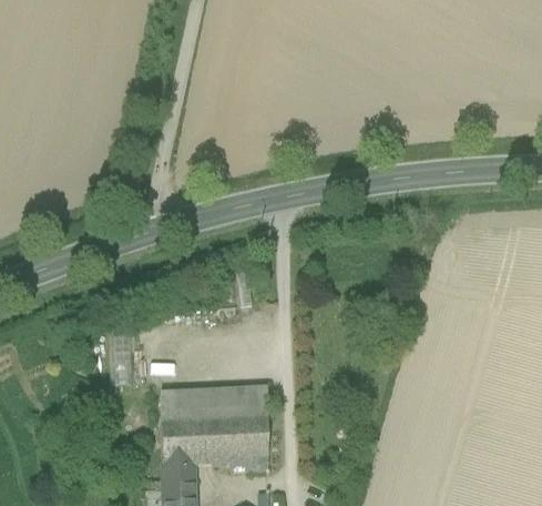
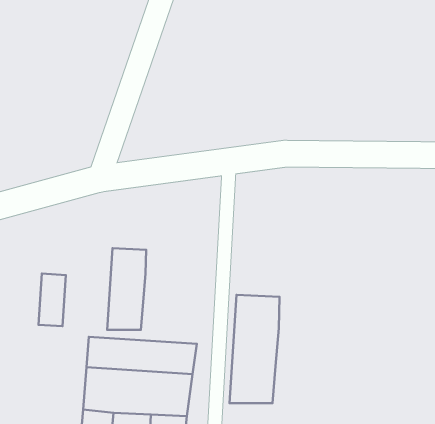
building: none -> [107,248,146,330]
building: none -> [229,295,280,403]

